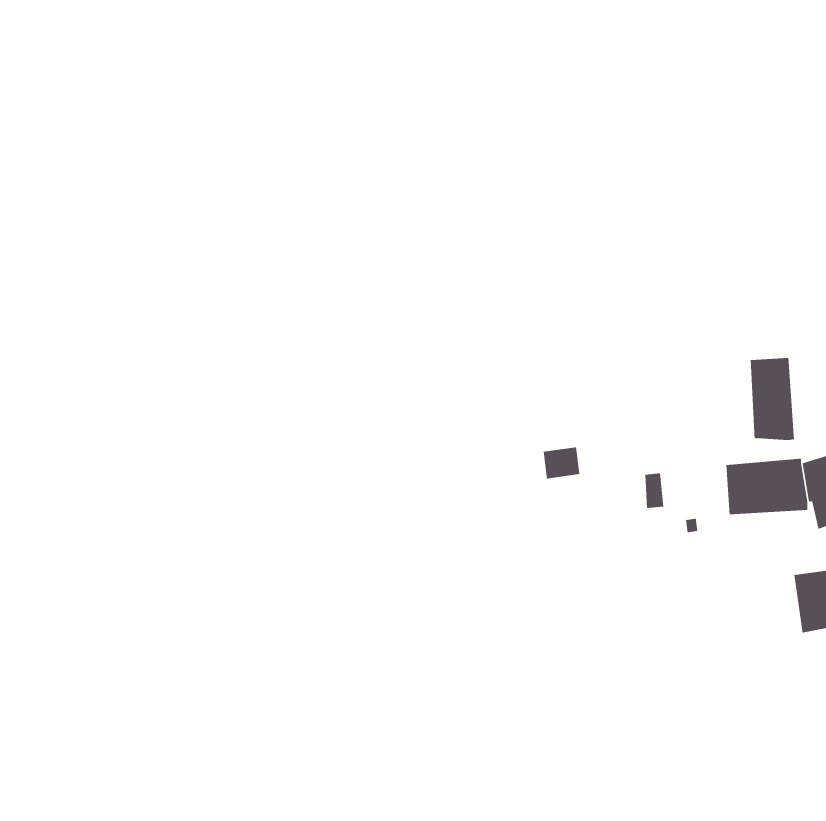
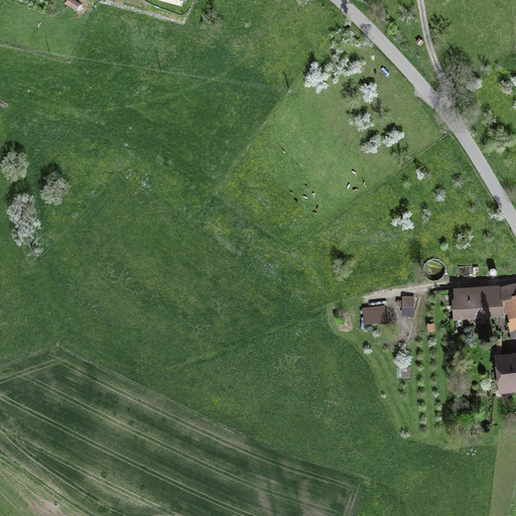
building: [750,357,794,441] -> none
building: [543,447,580,479] -> [363,304,386,325]

